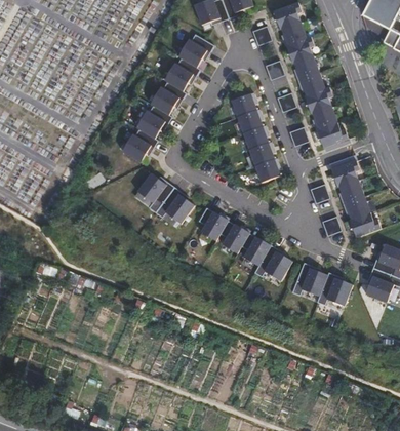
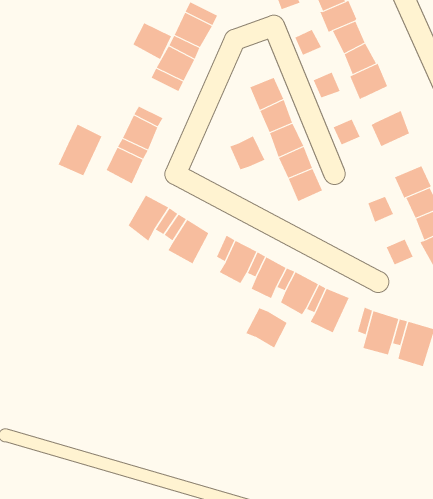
building: [151,87,179,115] -> [133,22,172,60]
building: [312,105,337,130] -> none
building: none -> [58,124,102,176]
building: none -> [229,136,265,170]
building: none -> [245,307,288,349]

